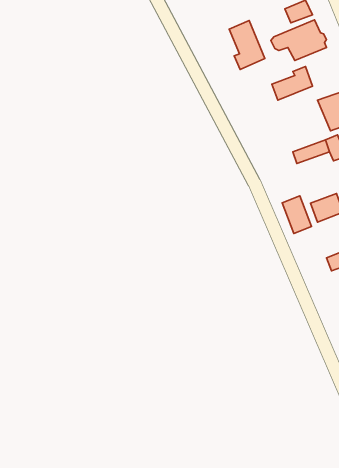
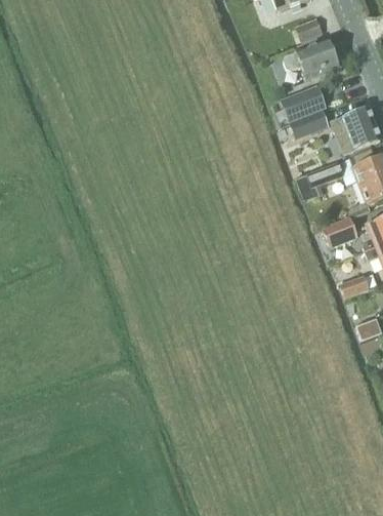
building: [229,21,265,70] -> none
building: none -> [289,110,329,138]
building: [282,196,312,234] -> none

